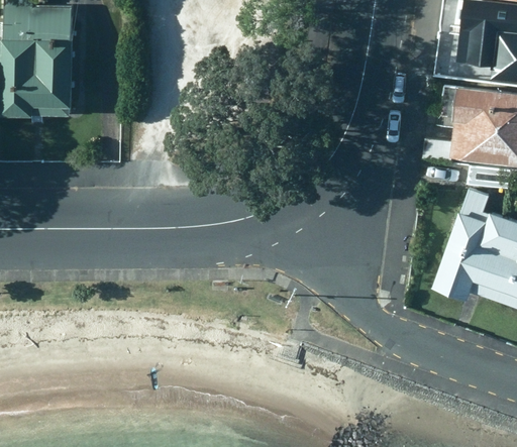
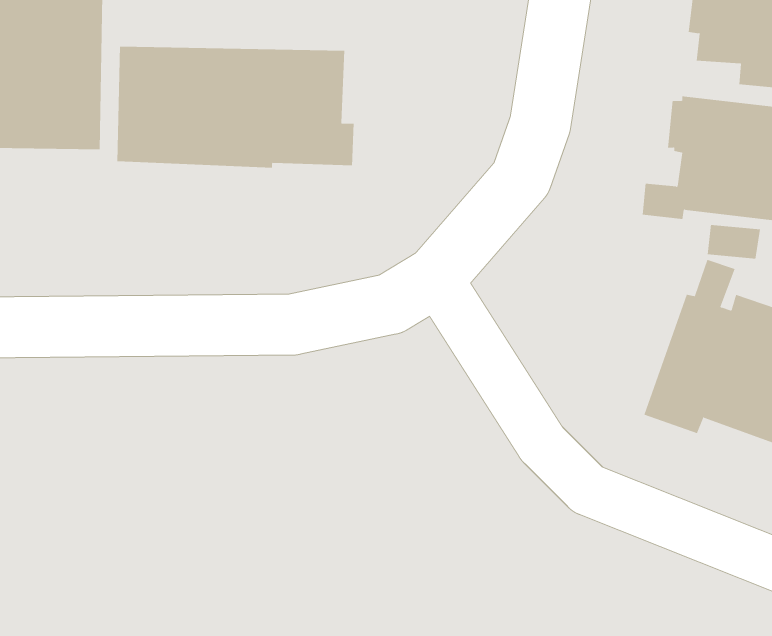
building: none -> [117,46,354,169]

